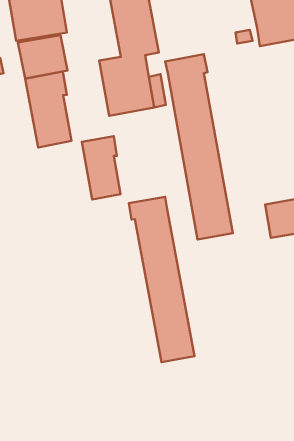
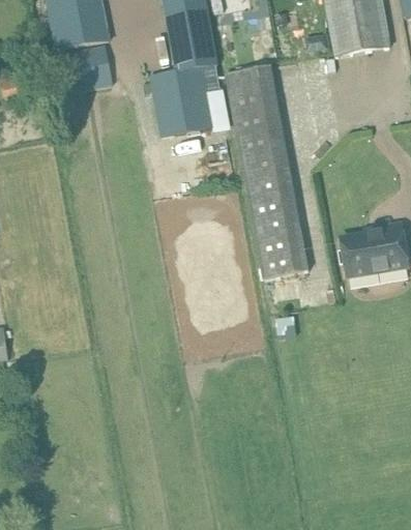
building: [25,71,71,148] -> none
building: [82,136,120,200] -> none
building: [129,197,194,362] -> none

